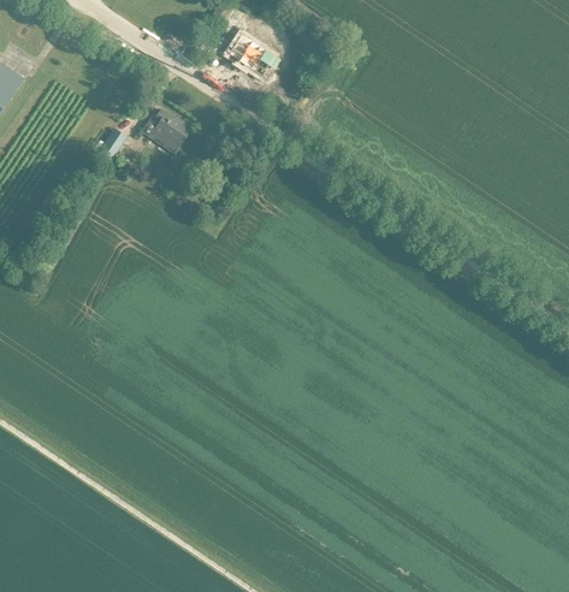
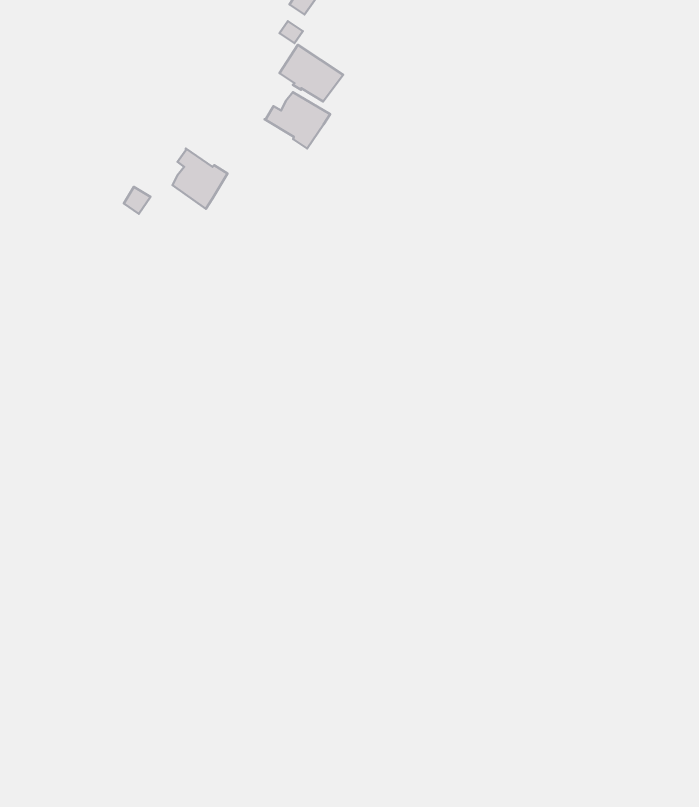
building: none -> [265,92,330,148]

